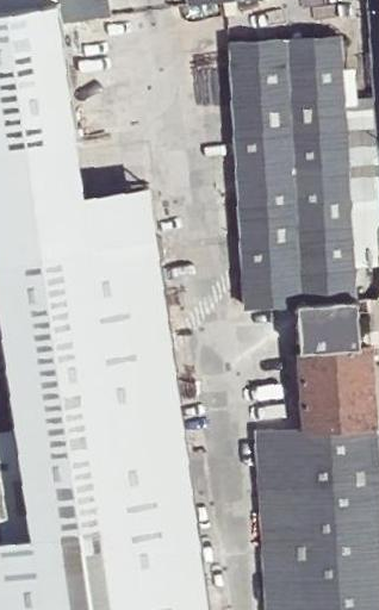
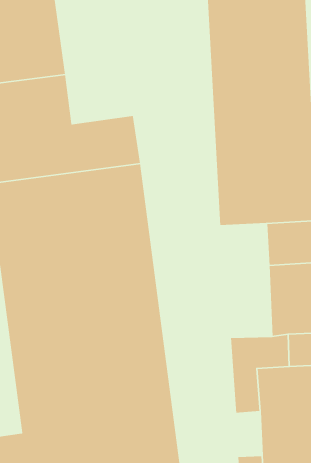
building: [263,513,293,564] -> none

